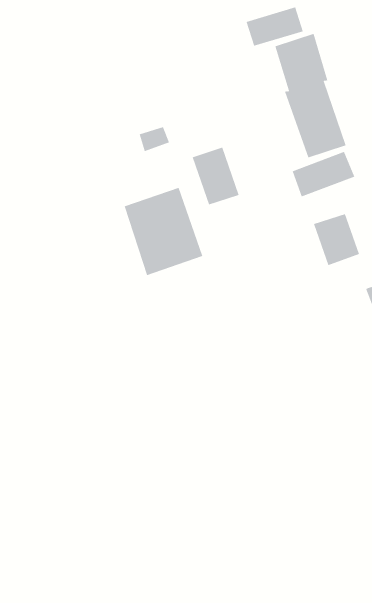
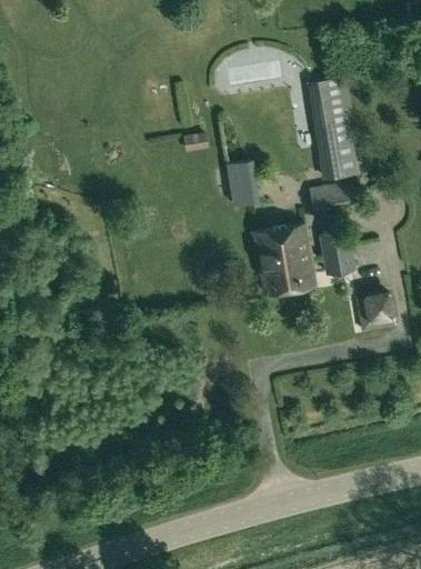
building: [246,7,304,46] -> none
building: [124,187,203,276] -> [254,223,315,295]

